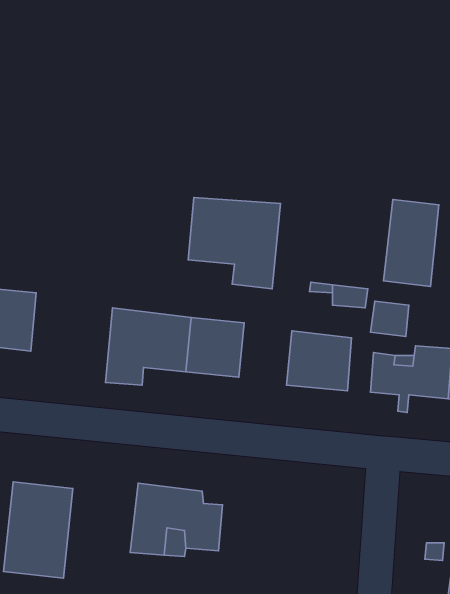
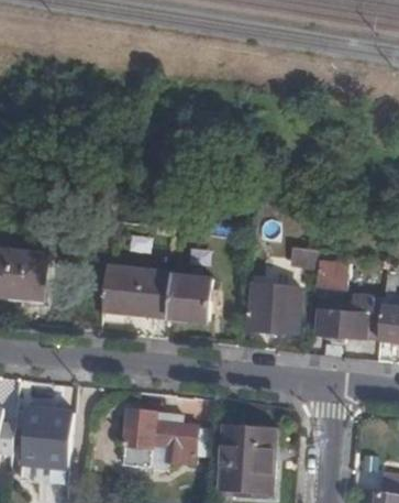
building: [188,197,281,289] -> none
building: [383,199,439,287] -> none
building: none -> [219,425,275,493]

